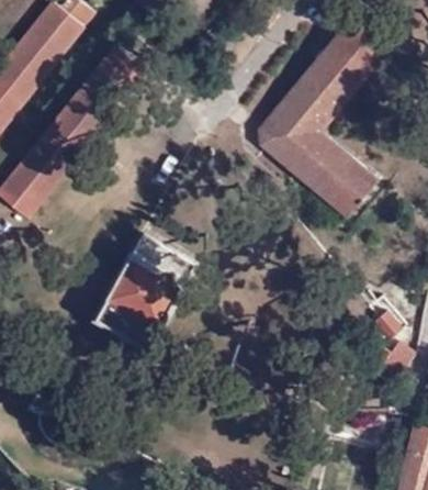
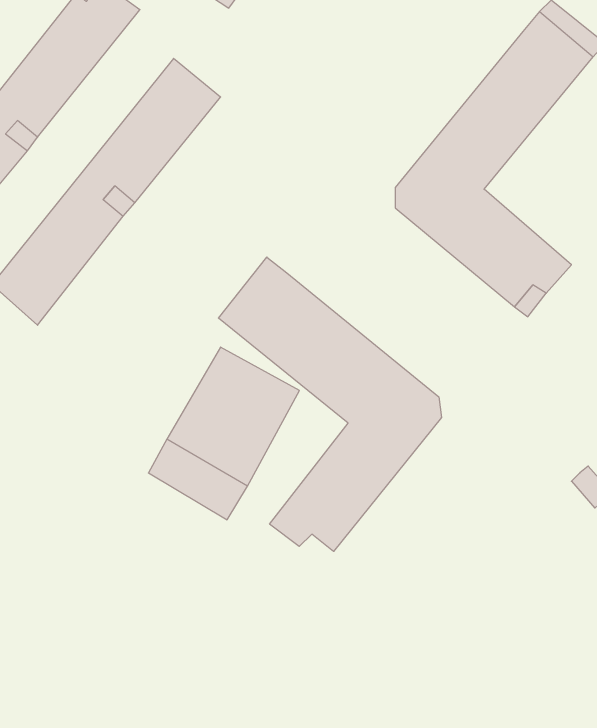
building: none -> [218,257,441,551]

